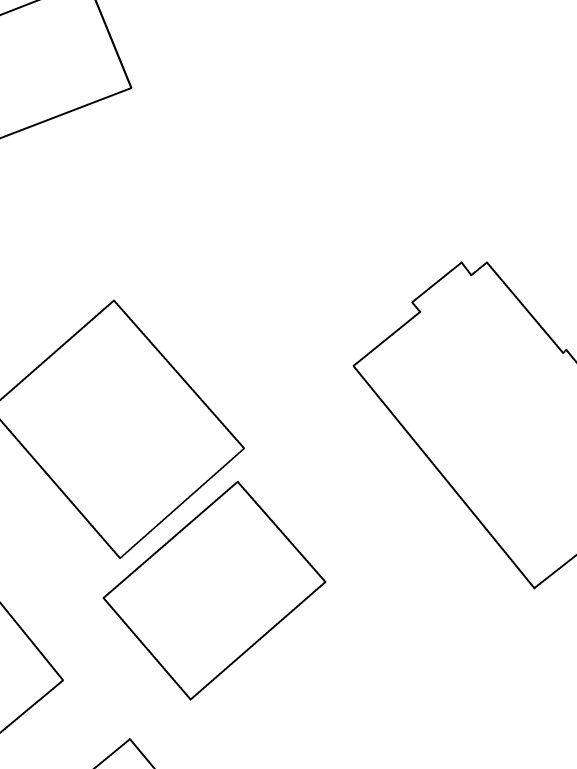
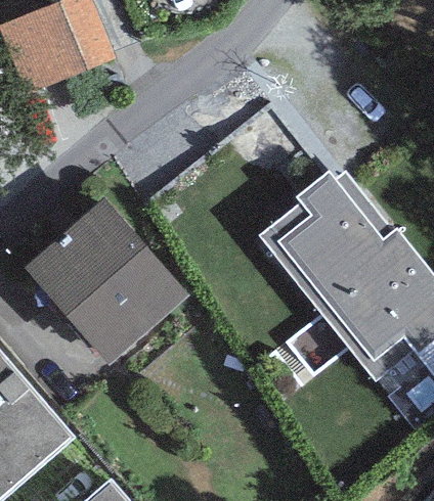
building: [104,482,325,700] -> none

